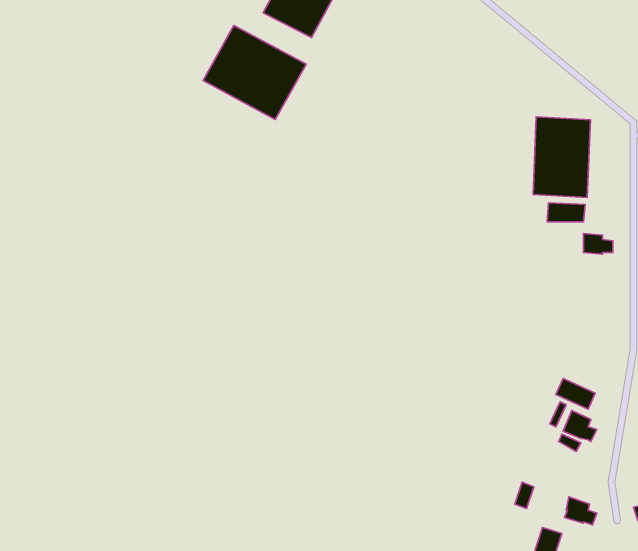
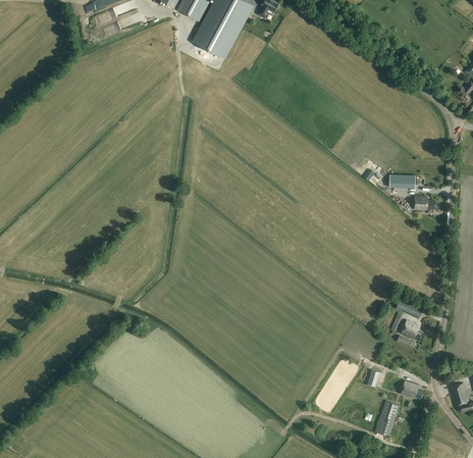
building: [203,25,306,119] -> none
building: [533,117,590,197] -> none

